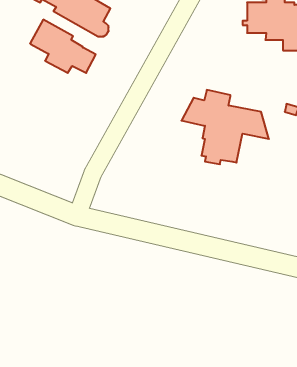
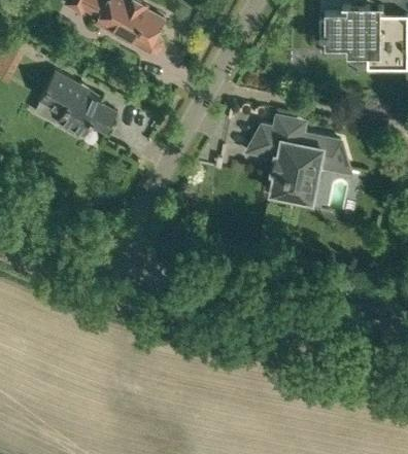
building: [30,20,96,73] -> [40,72,117,135]

